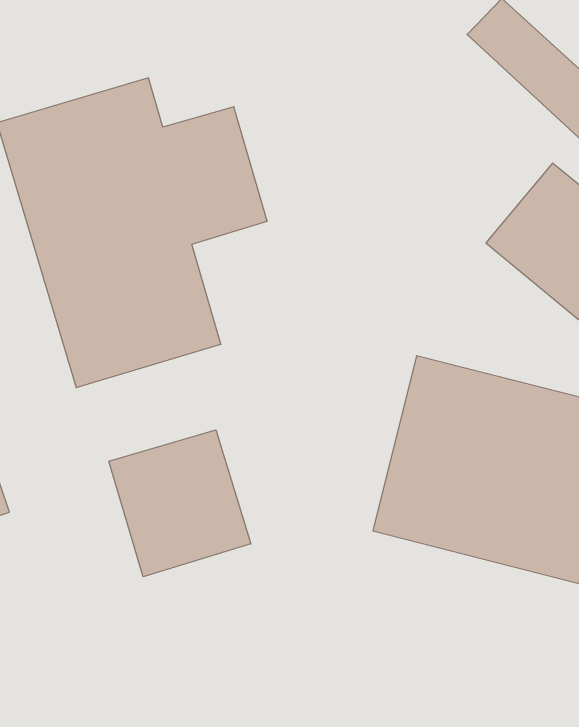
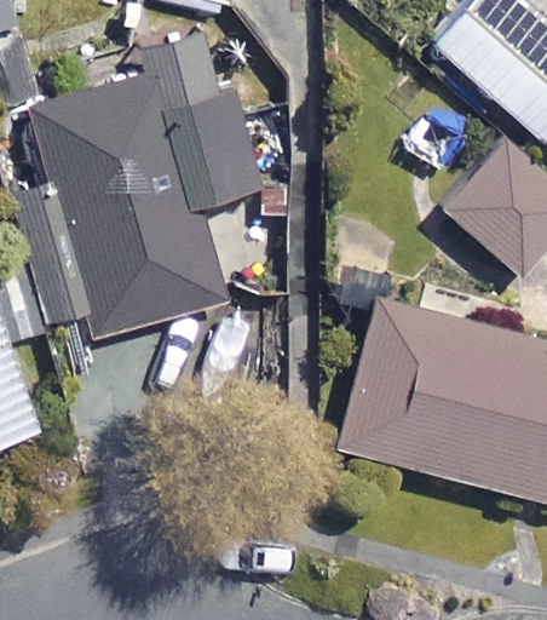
building: [109,430,251,577] -> none

